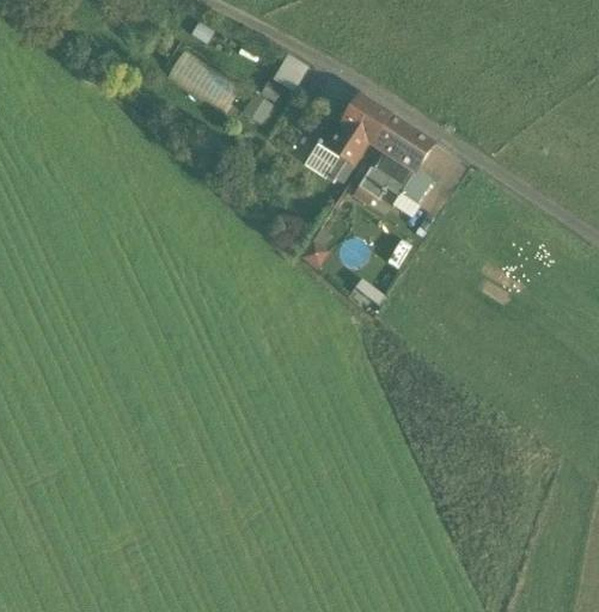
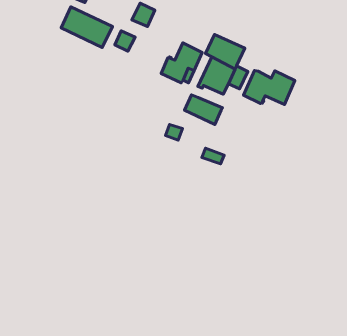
building: [342,96,390,143] -> none
building: none -> [244,71,295,105]
building: none -> [185,95,223,124]

